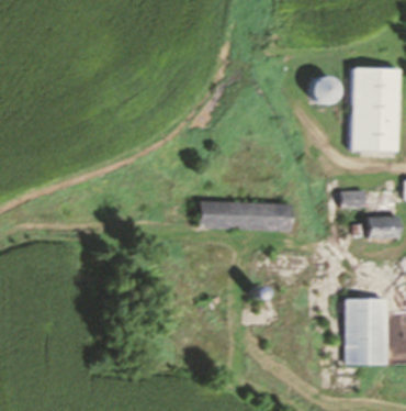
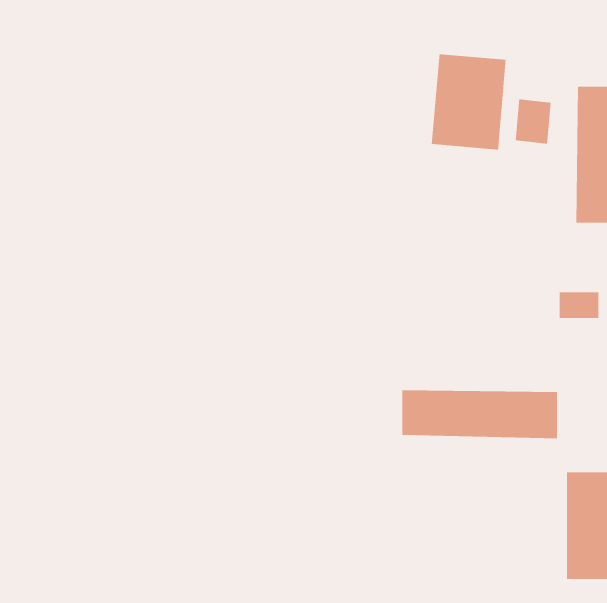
building: none -> [431,53,507,150]
building: [199,201,292,231] -> [402,390,558,439]

